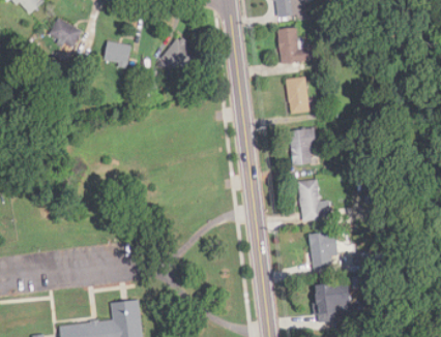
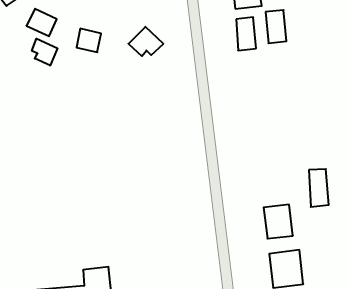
building: none -> [32,39,57,66]
building: [287,76,310,113] -> [266,10,286,43]
building: [289,127,316,165] -> none
building: [299,180,321,221] -> [309,169,329,207]

